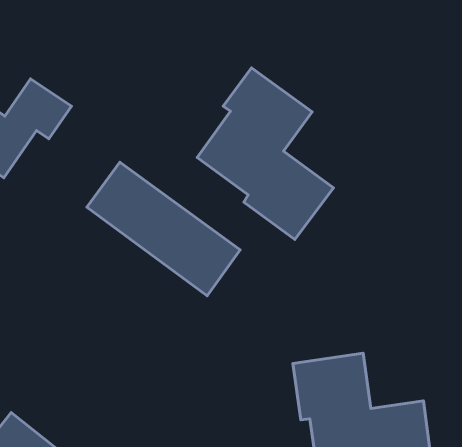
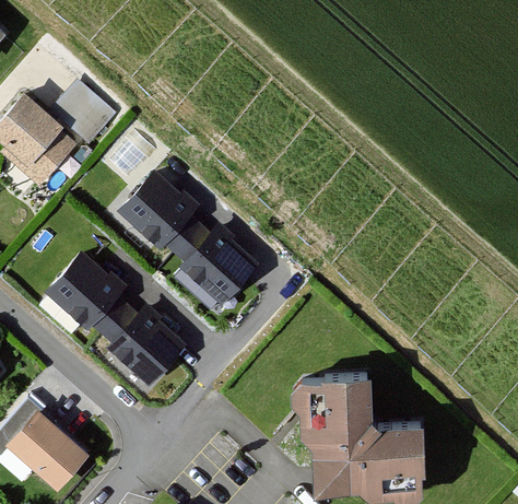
building: [197,68,334,239] -> none
building: none -> [47,255,185,383]

